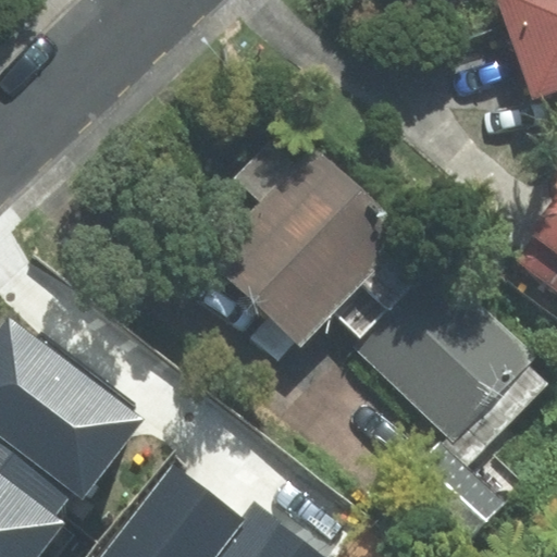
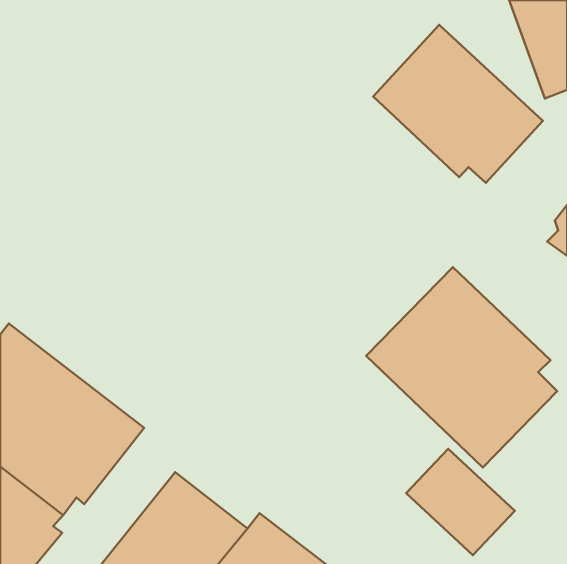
building: none -> [373,25,543,183]
building: [208,126,405,345] -> none

